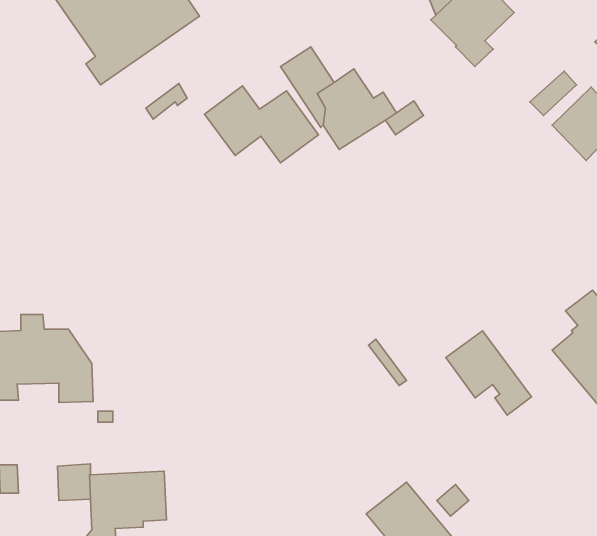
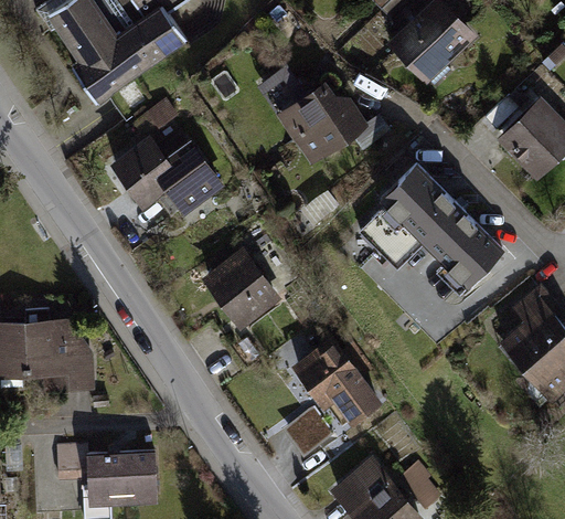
building: [205,86,318,163] -> [116,140,218,210]
building: none -> [361,165,502,282]
building: none -> [210,254,275,317]
building: [446,331,531,415] -> [299,342,376,419]
building: none -> [288,407,337,455]

